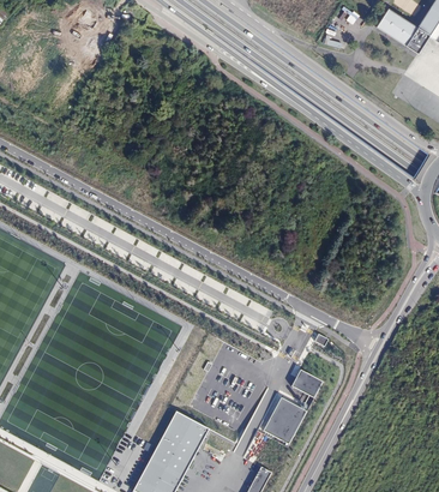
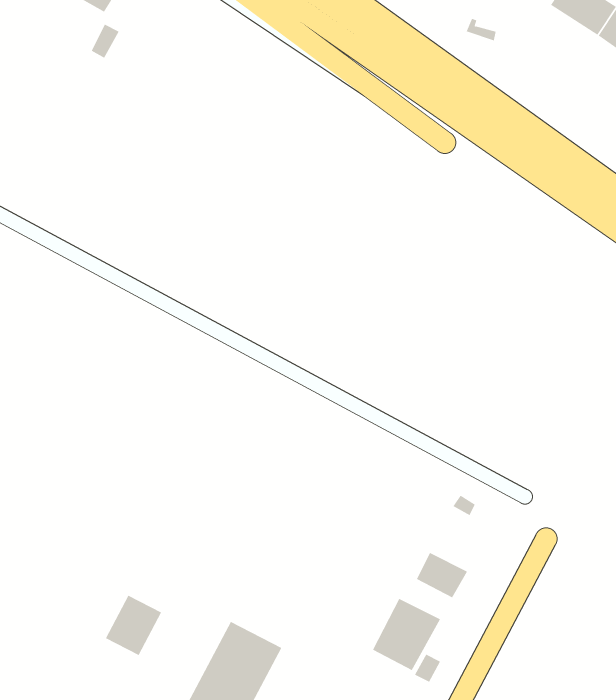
building: none -> [105,595,162,656]

